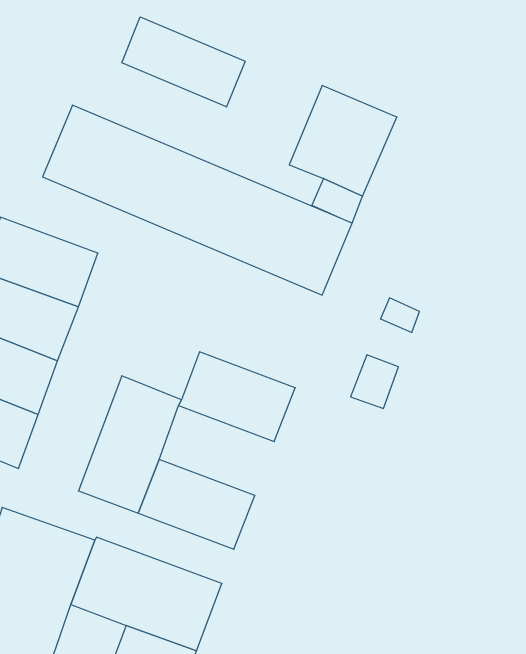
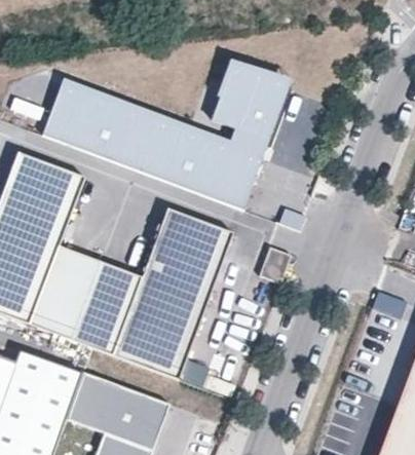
building: [122,17,245,107] -> none
building: none -> [154,207,233,268]
building: none -> [30,244,101,339]
building: none -> [126,280,205,342]

